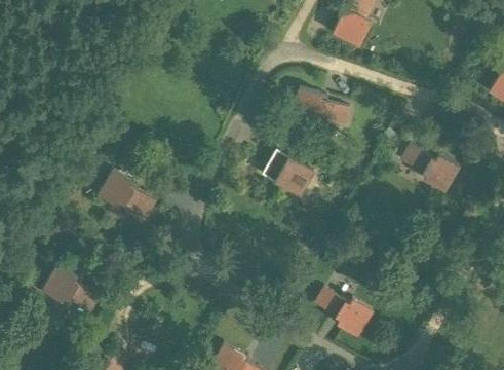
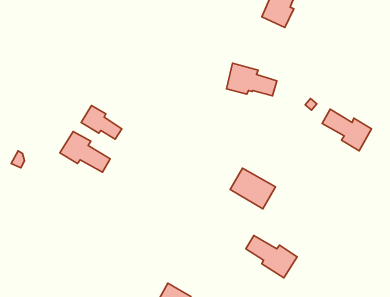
building: none -> [81,105,122,139]
building: [263,148,315,195] -> [230,168,275,209]
building: [43,263,101,311] -> none

